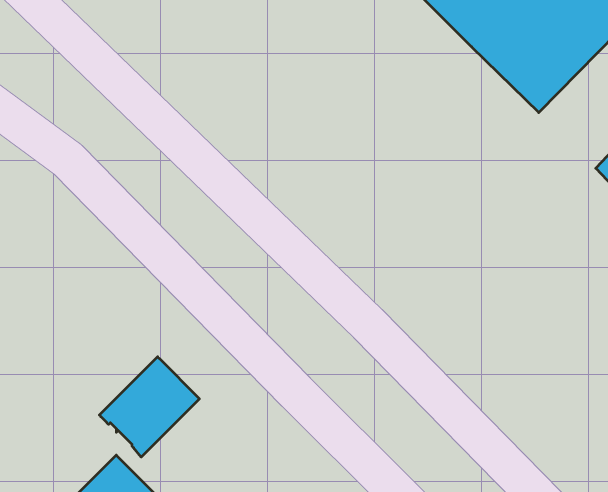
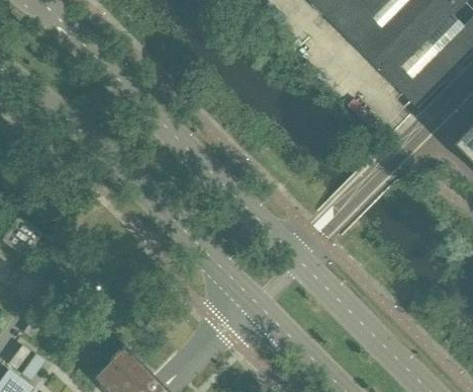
building: [99,357,199,457] -> none

